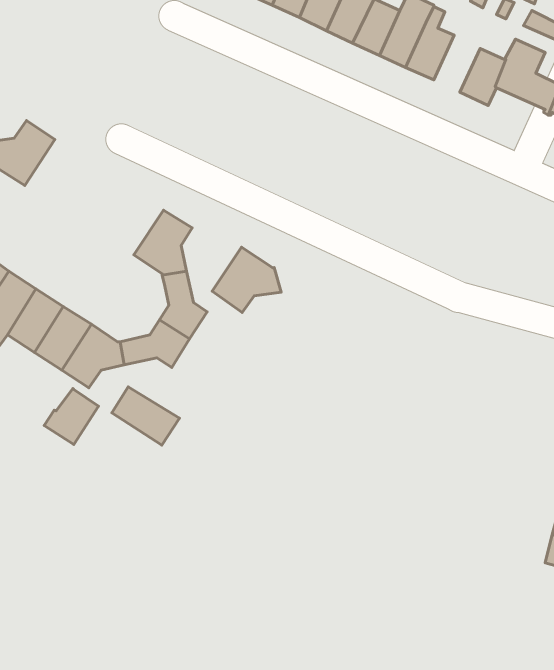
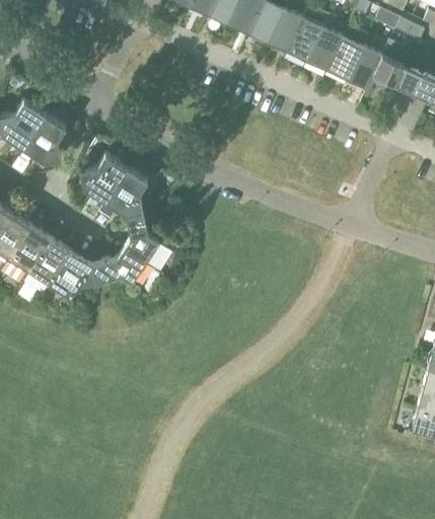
building: none -> [328,26,367,79]
building: none -> [22,115,65,162]
building: none -> [79,153,126,201]
building: [212,247,281,312] -> none
building: [112,387,179,445] -> none
building: [44,388,99,444] -> none

